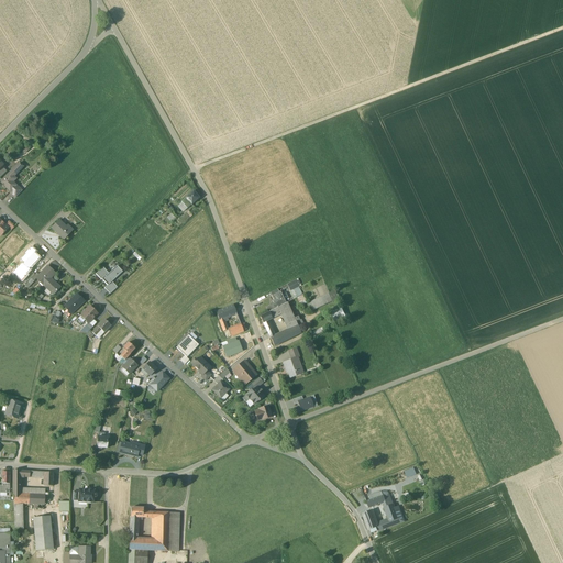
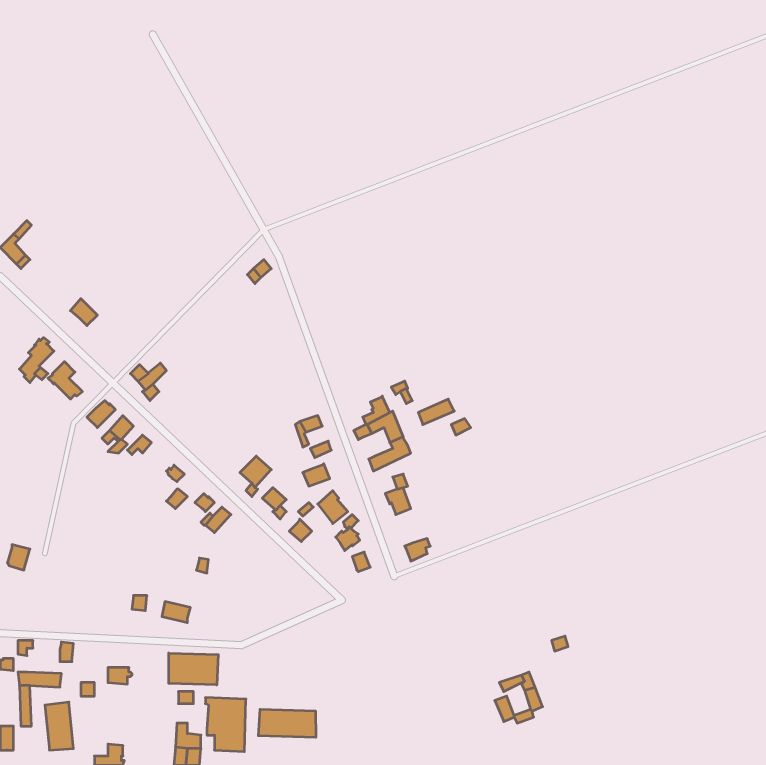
building: none -> [169,653,218,685]
building: none -> [258,709,316,737]

